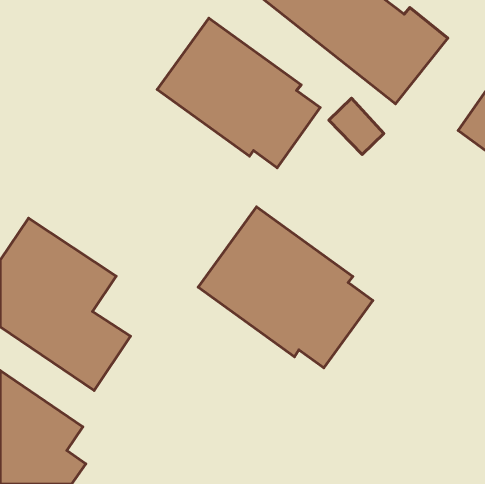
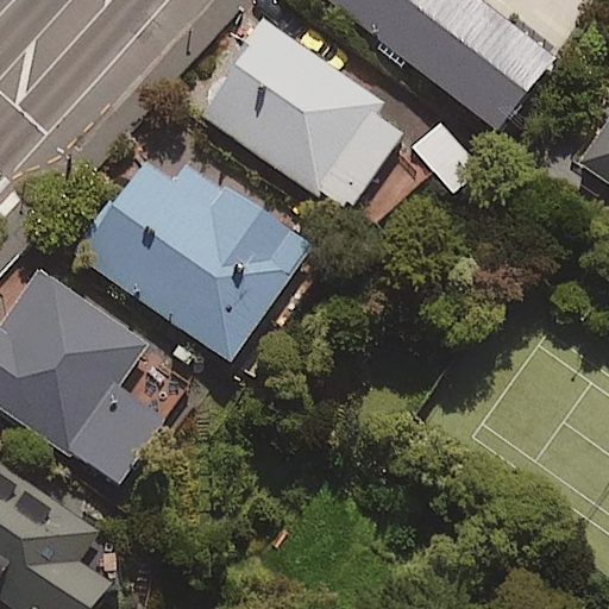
building: none -> [77,143,309,363]
building: [198,207,373,368] -> none

